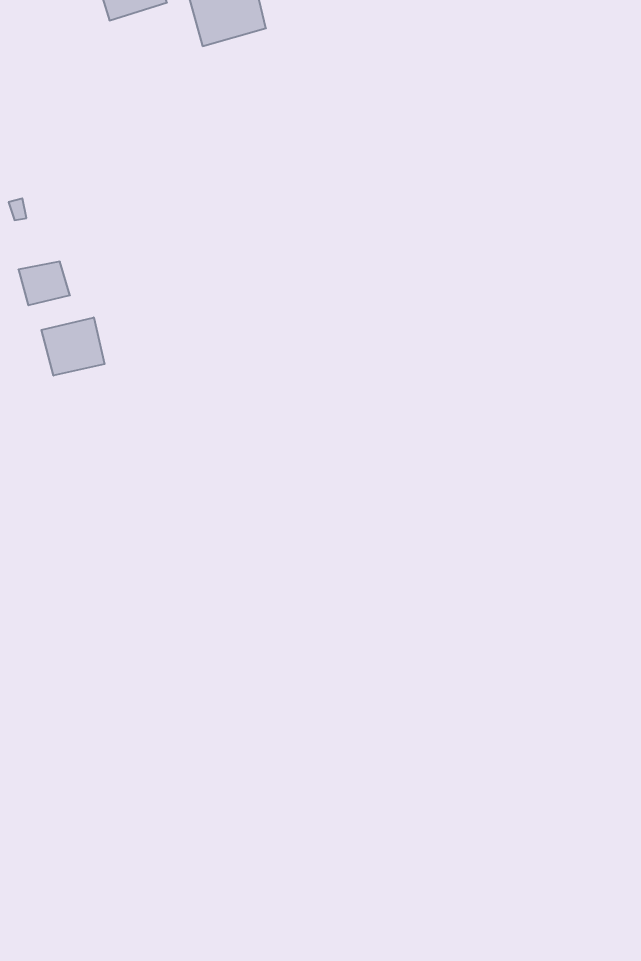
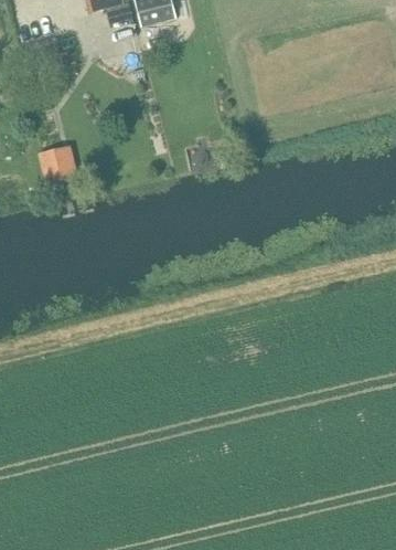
building: [41,317,105,376] -> none

